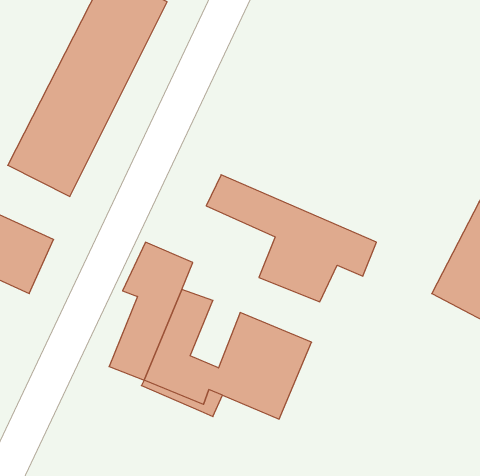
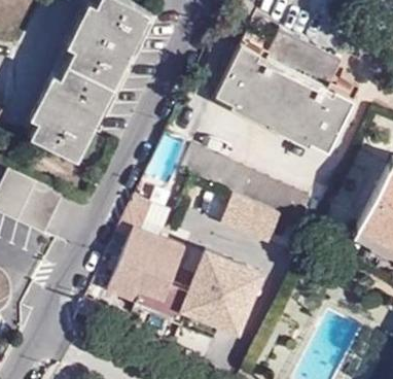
building: none -> [215,31,359,153]

